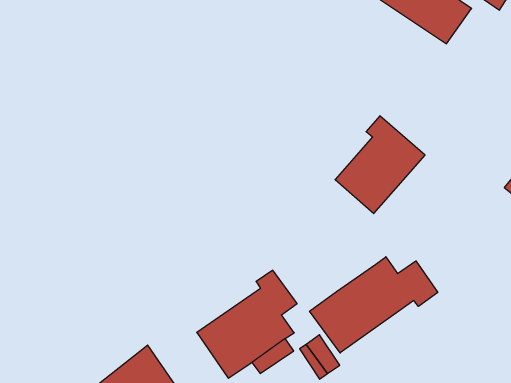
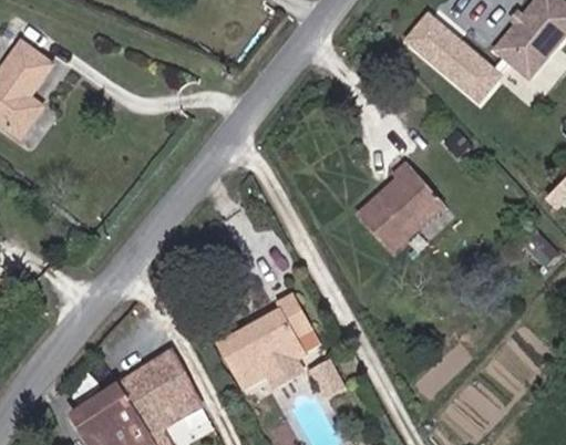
building: [310,257,438,353] -> none

